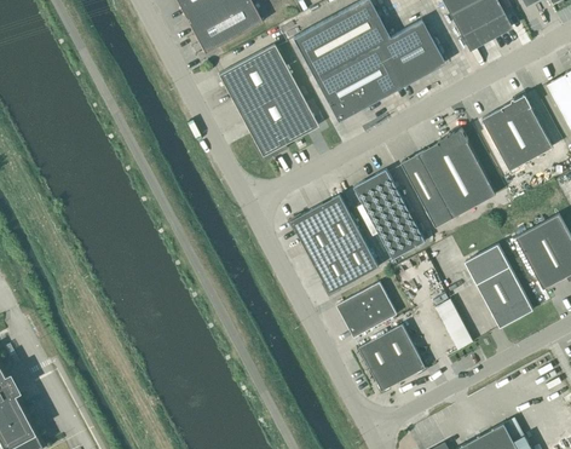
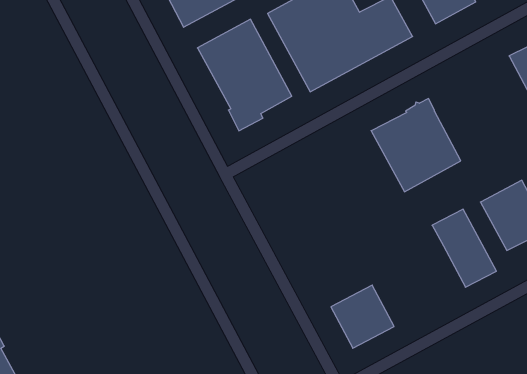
building: [483,94,553,169] -> none
building: [354,169,426,259] -> none
building: [292,194,380,293] -> none
building: [336,282,398,338] -> none
building: [438,303,473,355] -> none

